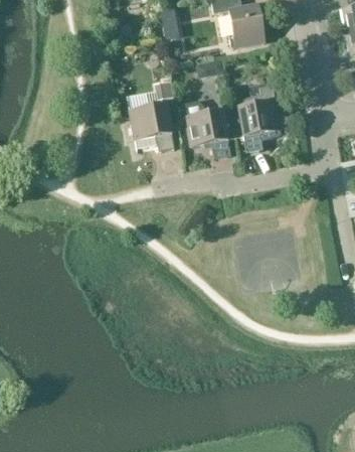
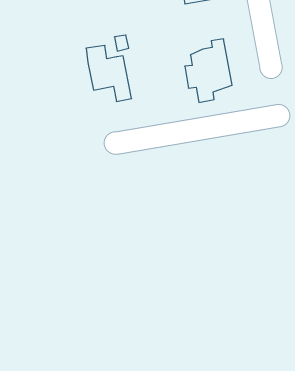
building: [184,102,236,159] -> none

